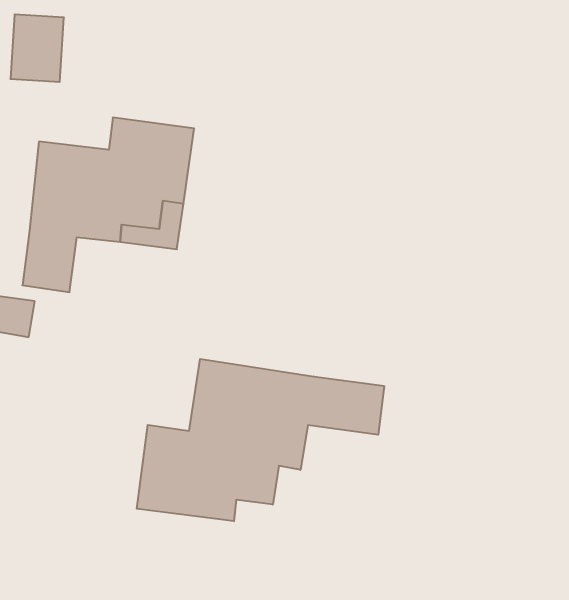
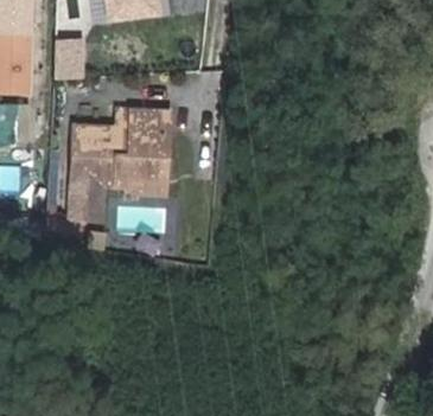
building: [137,359,384,521] -> none

